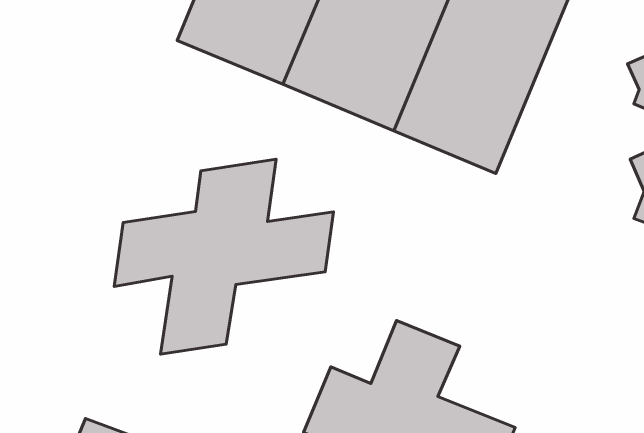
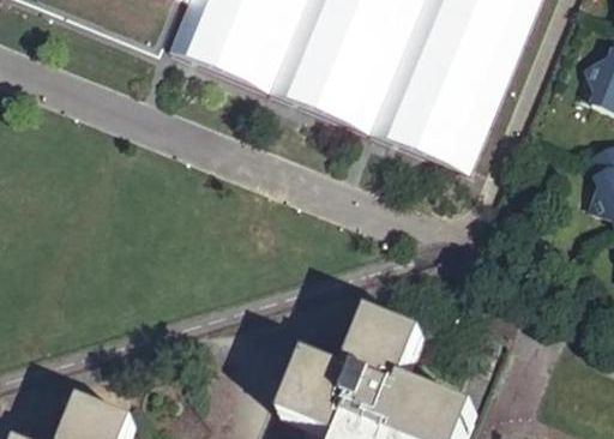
building: [114,159,333,354] -> none

